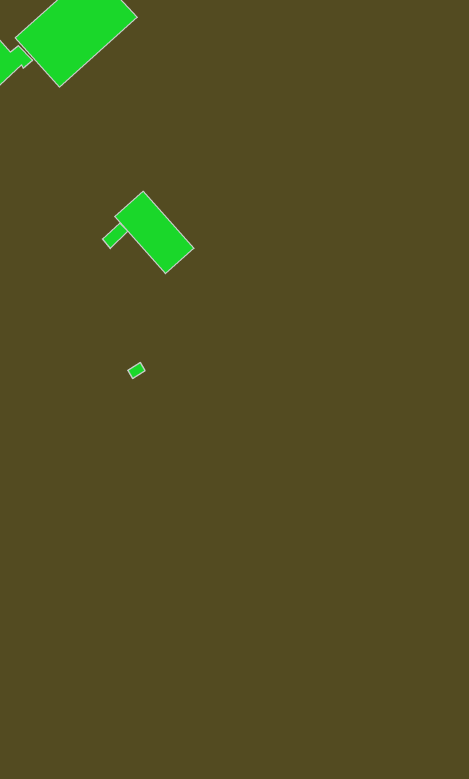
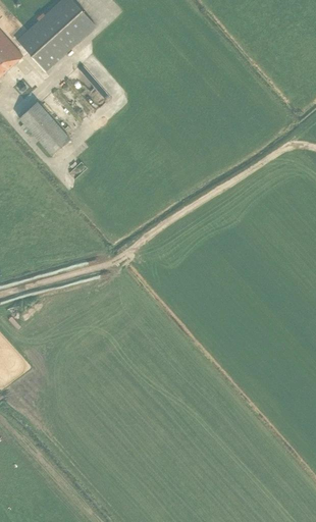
building: [115,191,194,274] -> [19,103,70,156]

